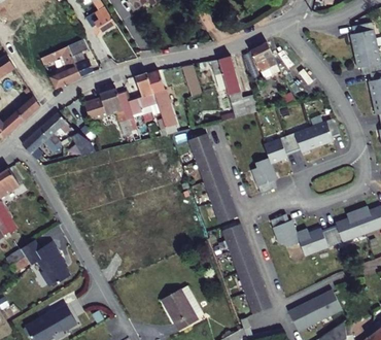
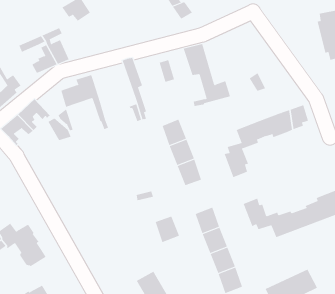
building: [250,42,280,79] -> none
building: [118,71,161,116] -> none
building: [212,196,238,224] -> [155,216,180,243]

